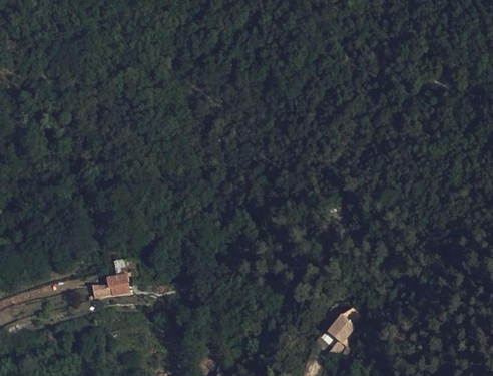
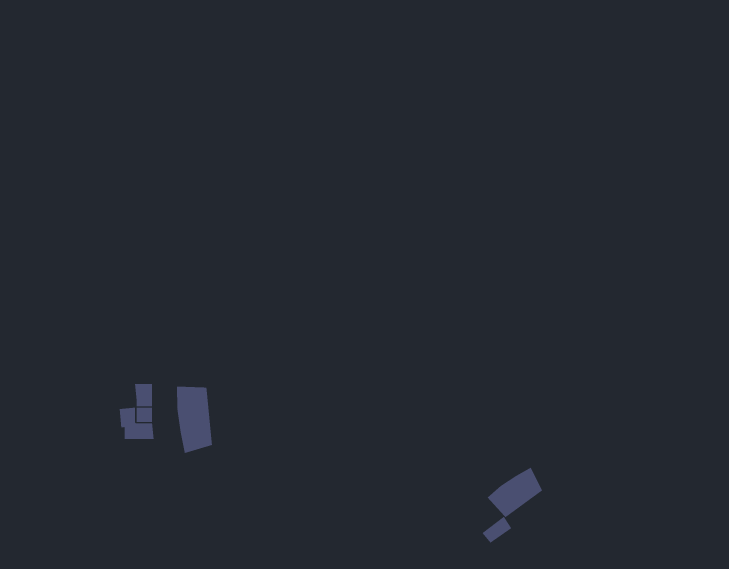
building: none -> [176,386,213,454]

